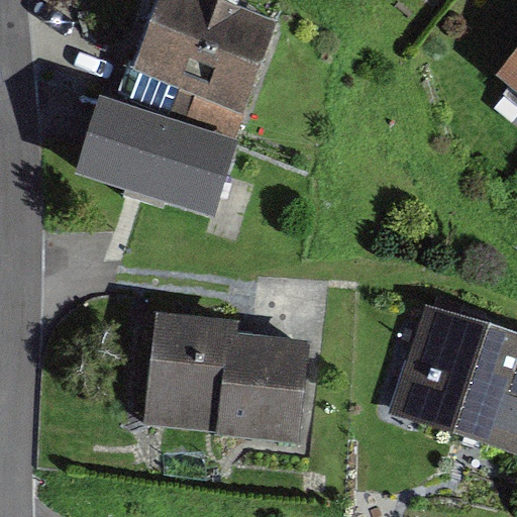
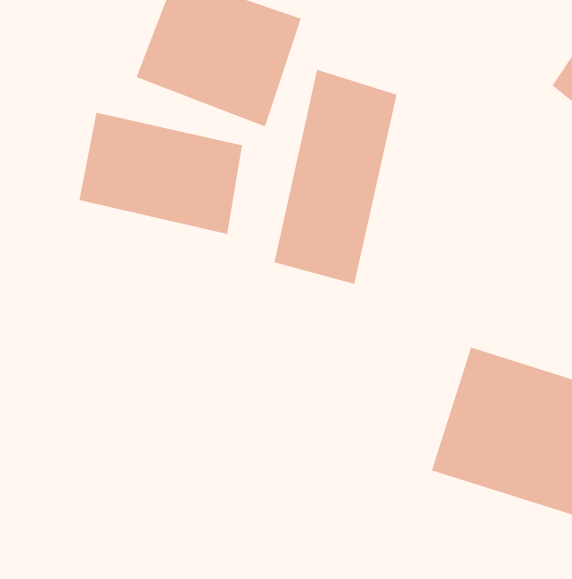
building: none -> [273,69,398,285]
building: [148,311,310,442] -> none

